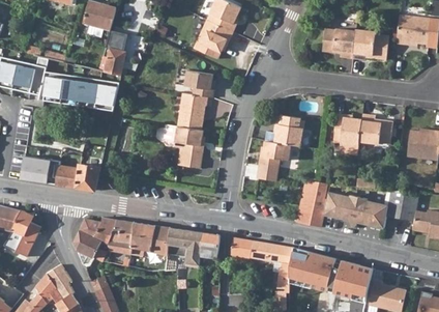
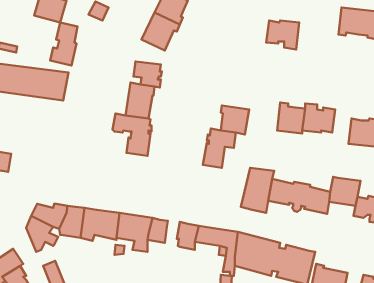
building: [352,29,388,59] -> none
building: [55,157,101,190] -> none

